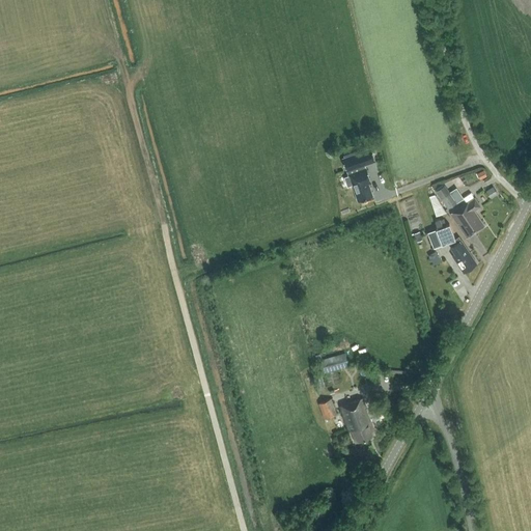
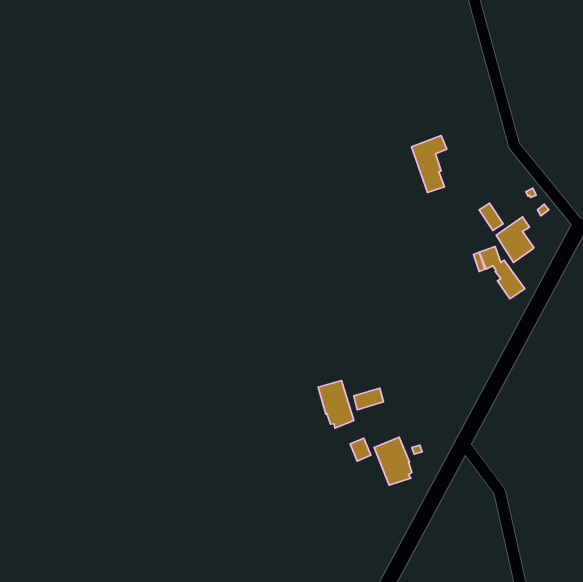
building: [343,149,375,201] -> [411,135,447,193]
building: none -> [318,380,354,428]

